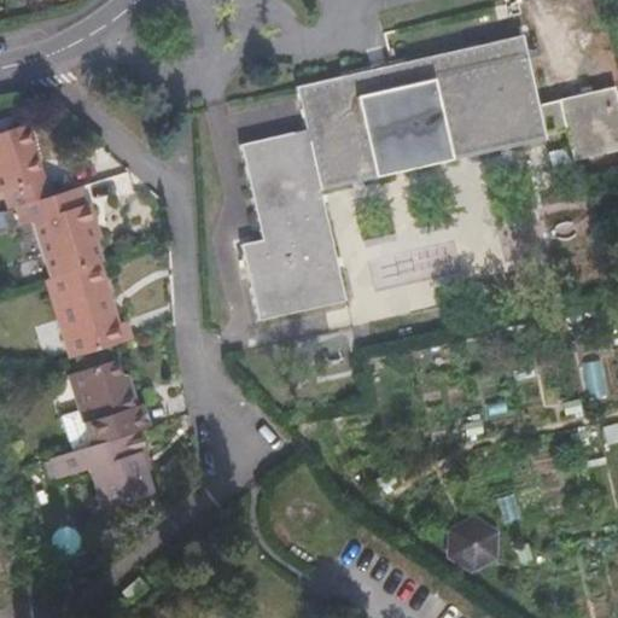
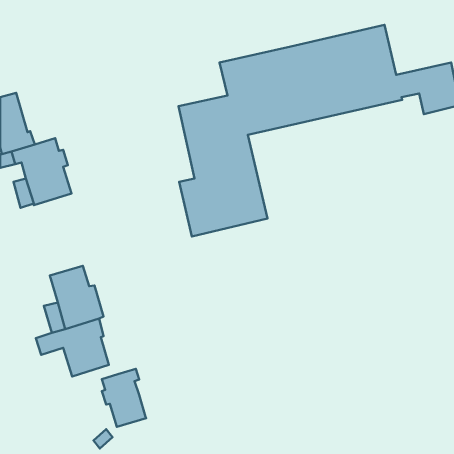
building: [45,261,134,358] -> none
building: none -> [102,369,146,427]
building: [445,515,497,571] -> none

